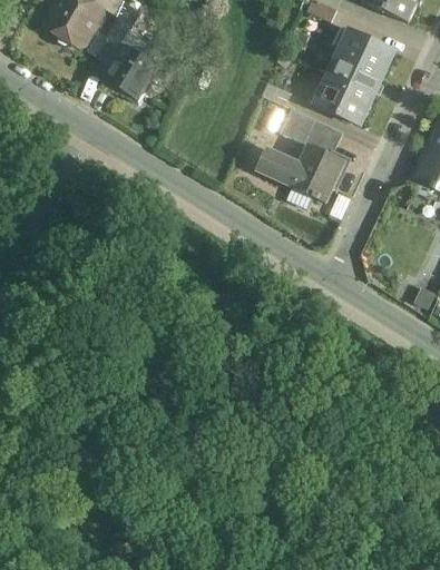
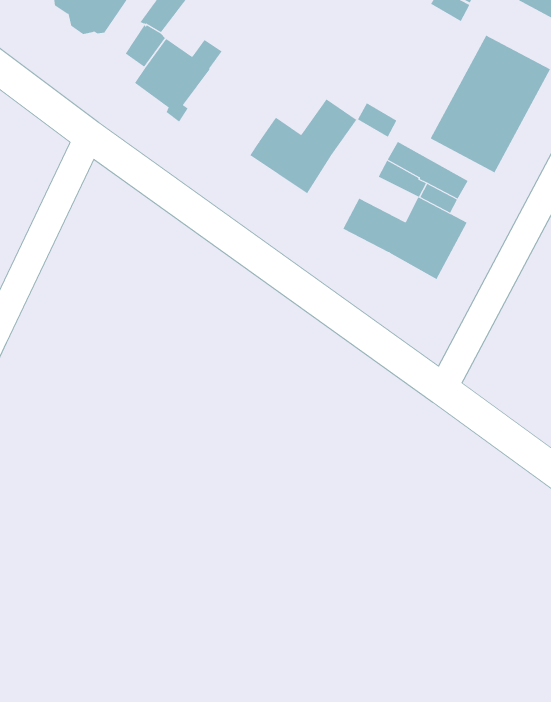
building: none -> [250,98,357,194]

